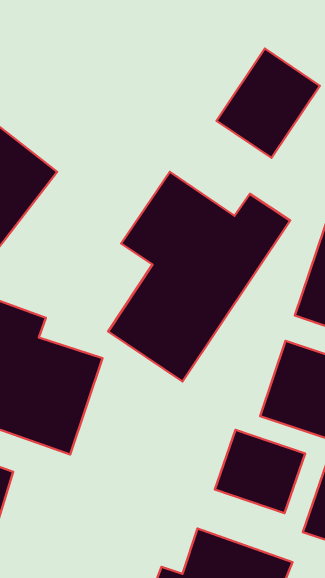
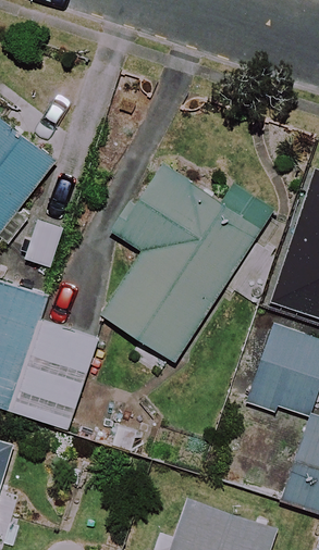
building: [217,49,320,158] -> none
building: [215,430,305,513] -> none

